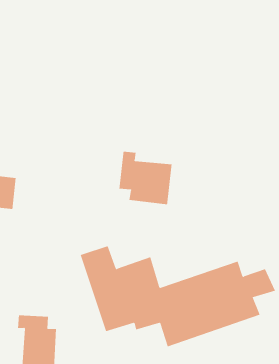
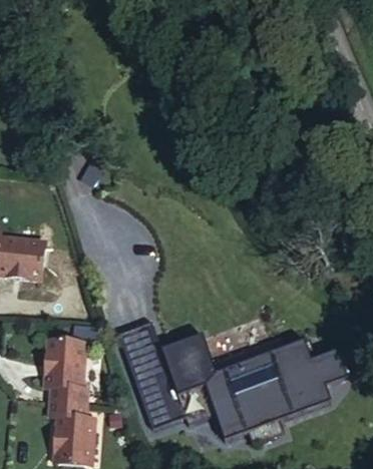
building: [119,151,172,205] -> none
building: none -> [42,340,85,403]

